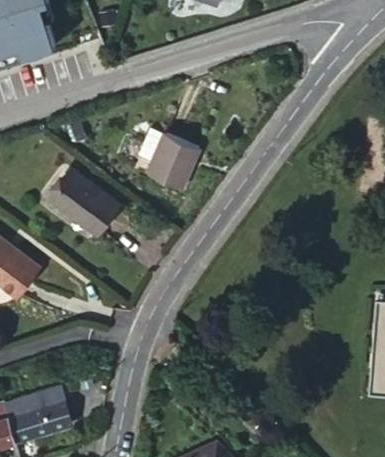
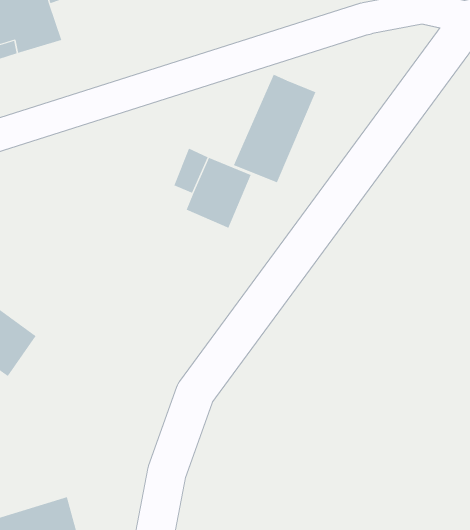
building: none -> [233,74,316,183]
building: [49,169,117,233] -> none

